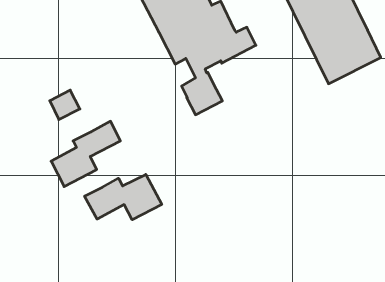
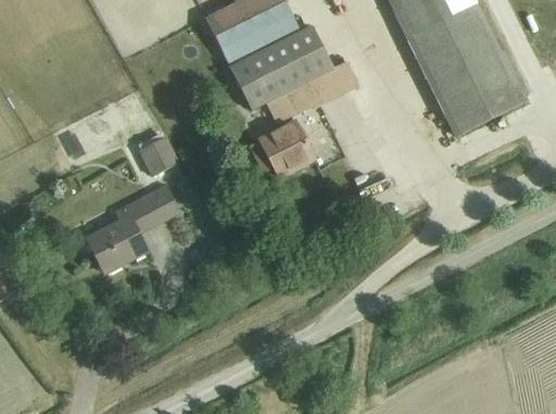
building: [50,90,80,120] -> [138,134,178,173]
building: [85,174,162,220] -> none

